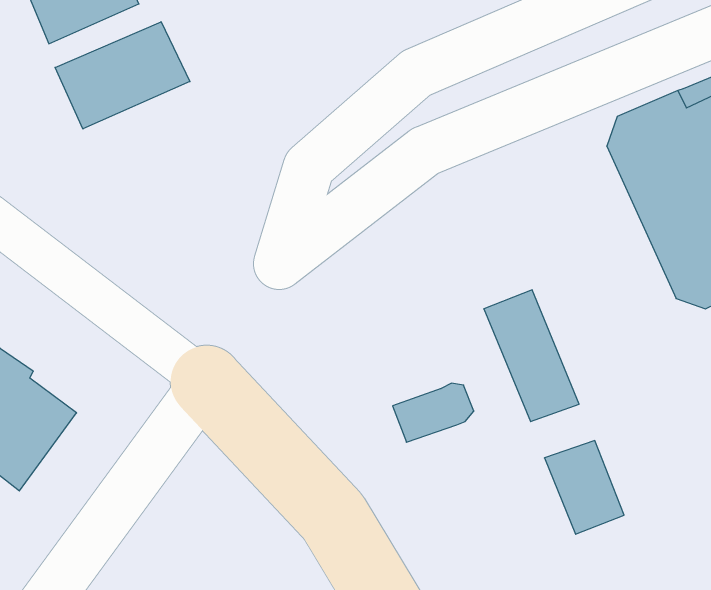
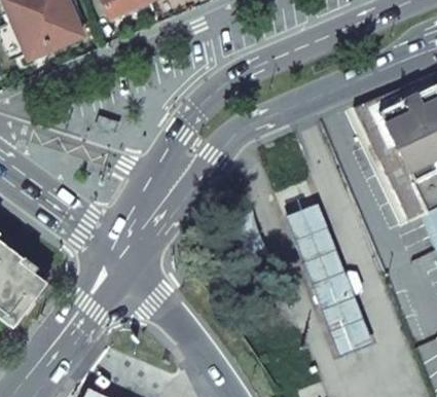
building: [55,22,190,129] -> none
building: [393,383,474,442] -> [316,270,364,305]

